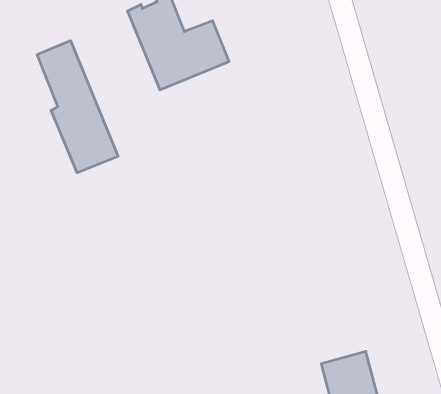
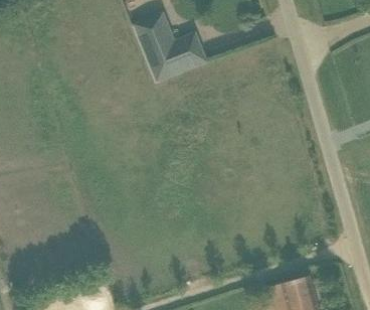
building: [37,41,118,173] -> none

